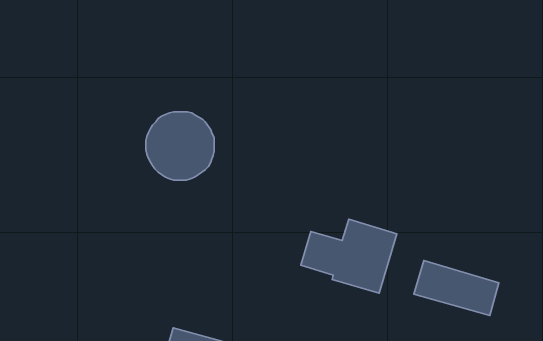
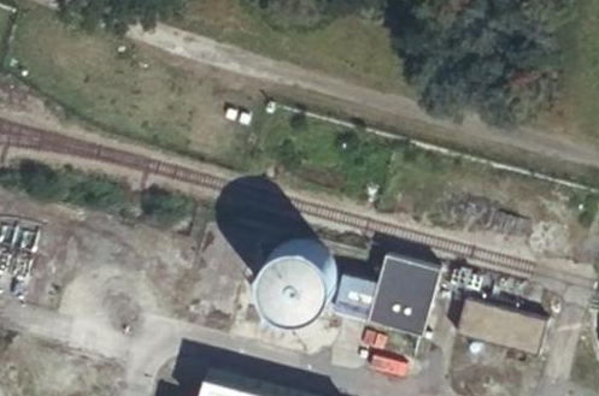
building: [146,112,214,180] -> [259,247,333,320]

